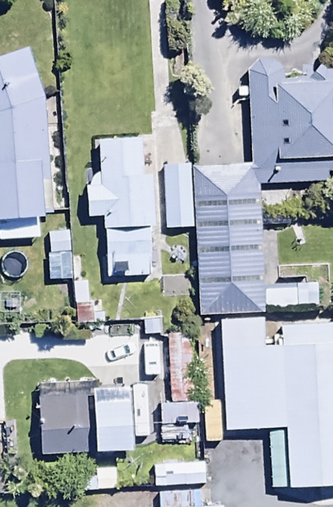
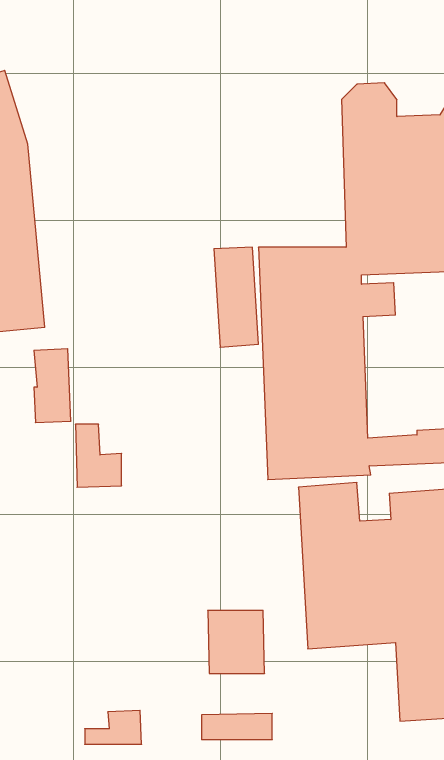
building: [86,140,157,275] -> none
building: [39,388,132,453] -> none

